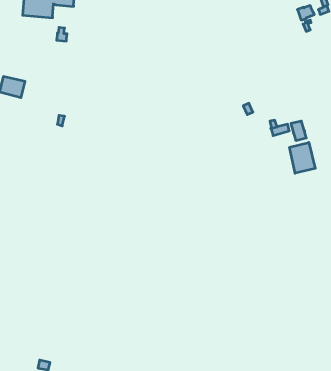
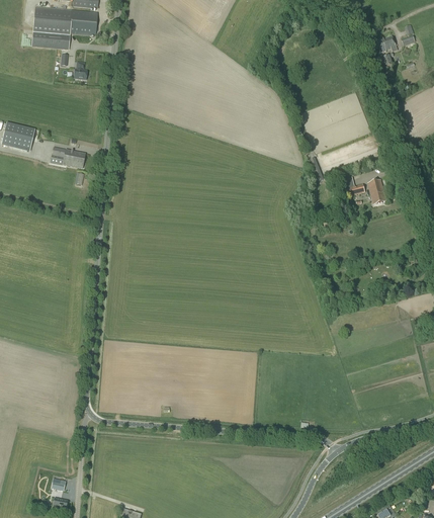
building: none -> [51,146,85,167]
building: [290,142,315,173] -> none

